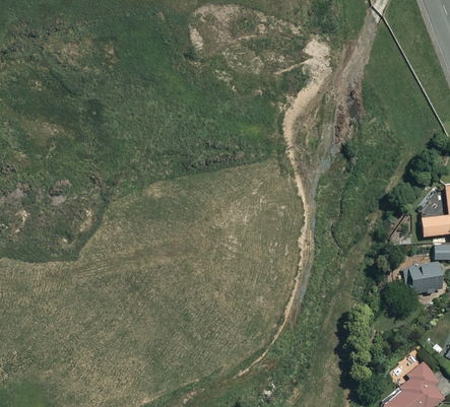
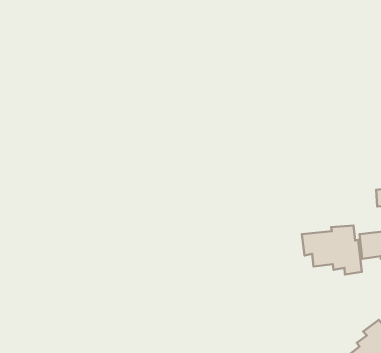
building: none -> [302,225,362,275]

